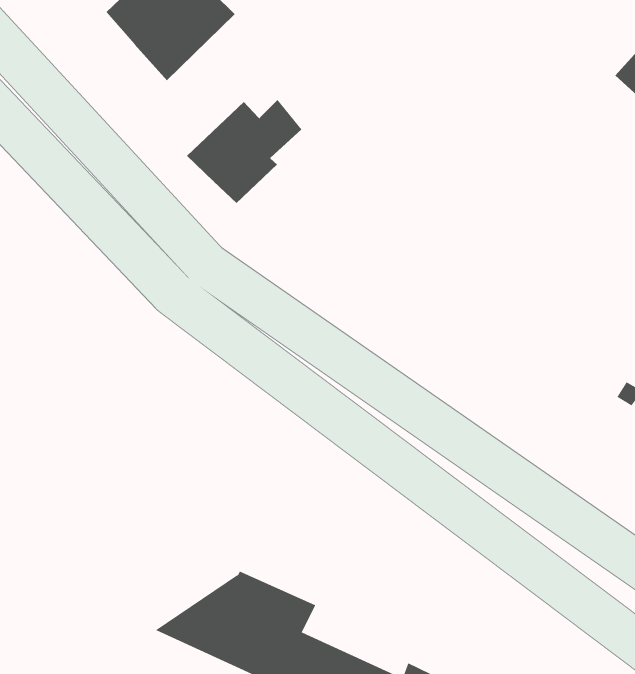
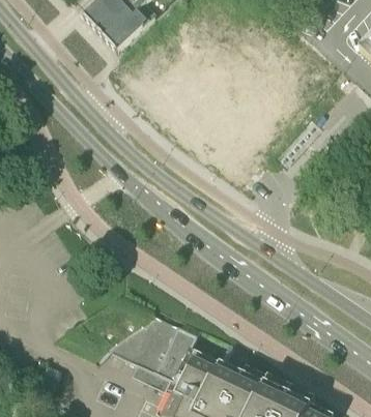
building: [186,99,302,204] -> none

